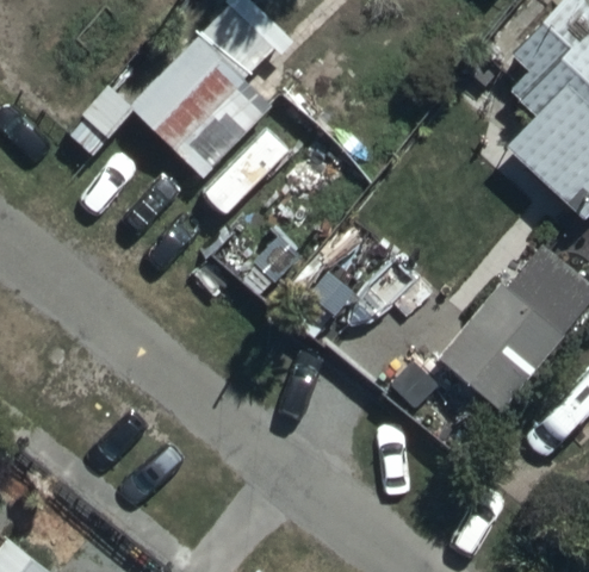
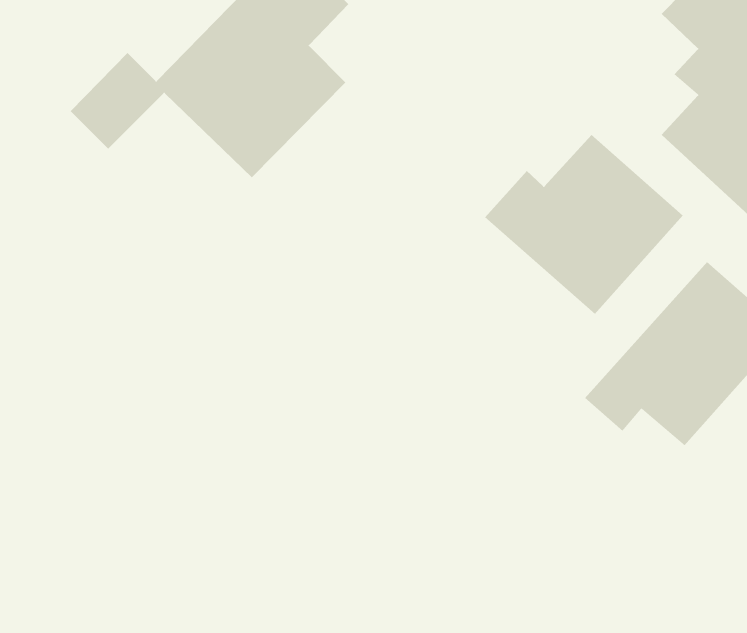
building: none -> [484,134,683,315]

